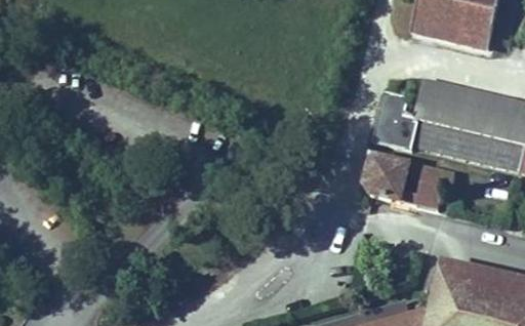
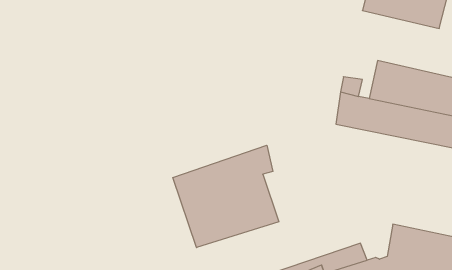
building: [372,157,462,209] -> none
building: none -> [173,145,279,248]

